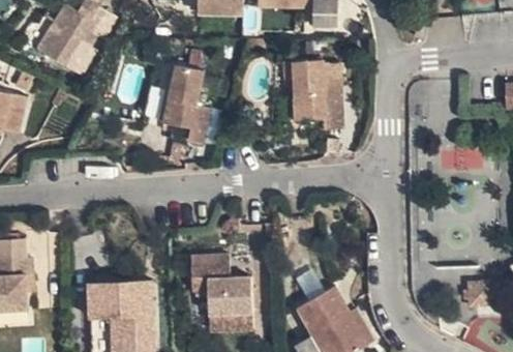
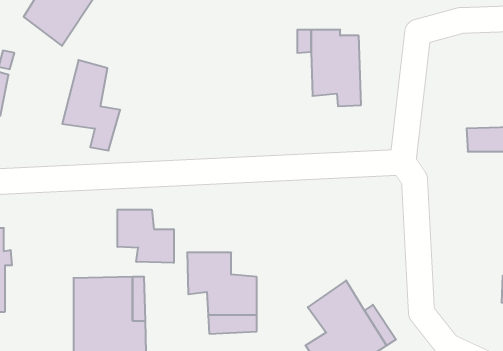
building: [164,63,216,144] -> [62,60,120,151]
building: none -> [117,210,174,263]

